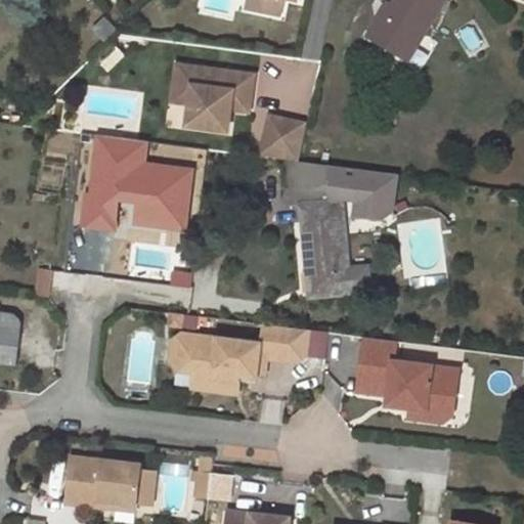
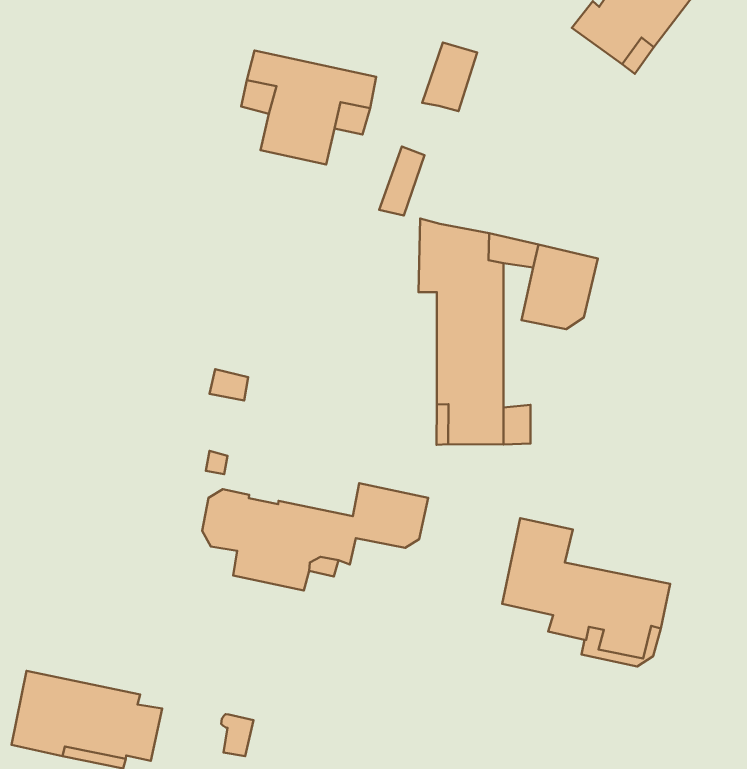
building: [275,121,306,162] -> [422,43,477,111]
building: [75,127,196,227] -> none

